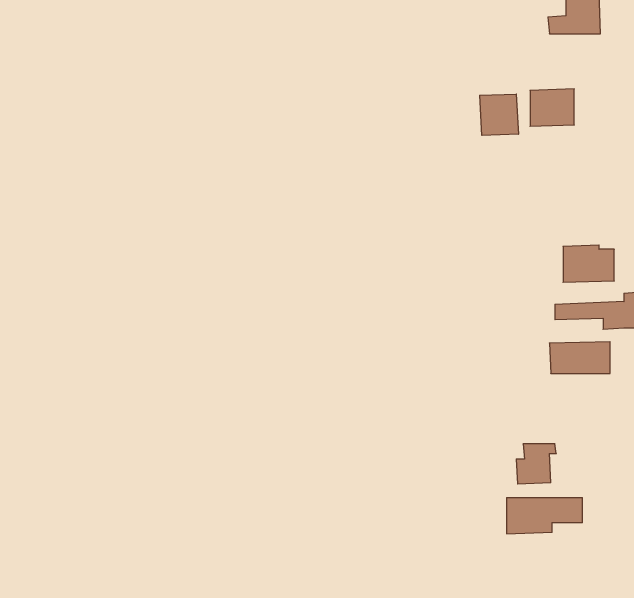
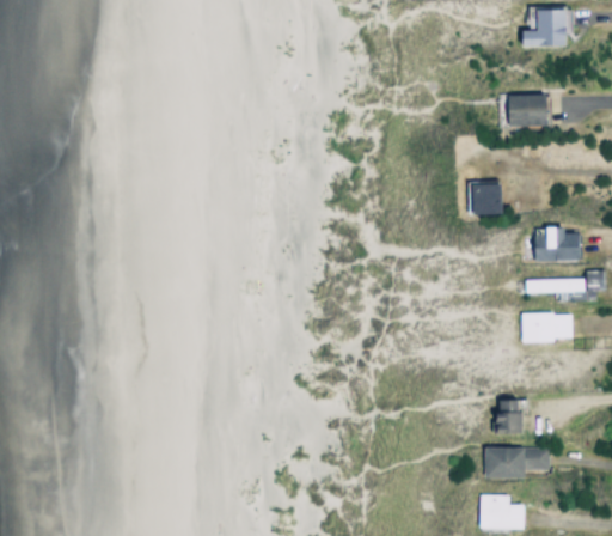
building: [480,94,518,135] -> none
building: none -> [470,183,500,215]
building: none -> [481,494,525,529]

